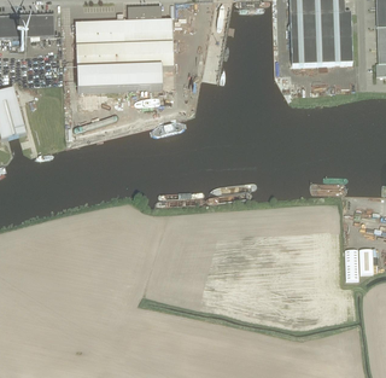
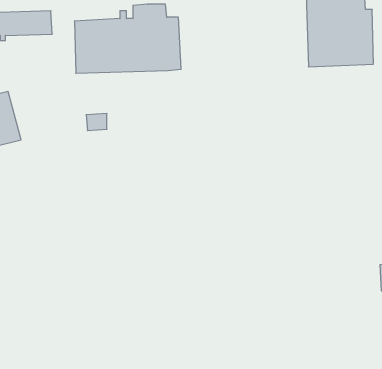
building: [76,72,163,95] -> none

